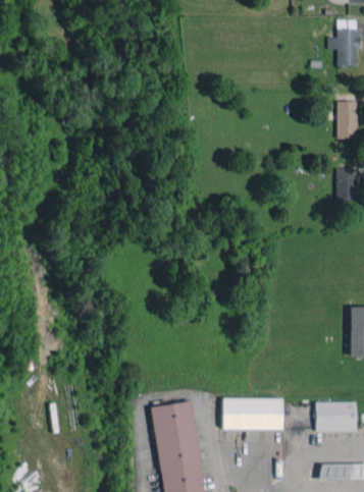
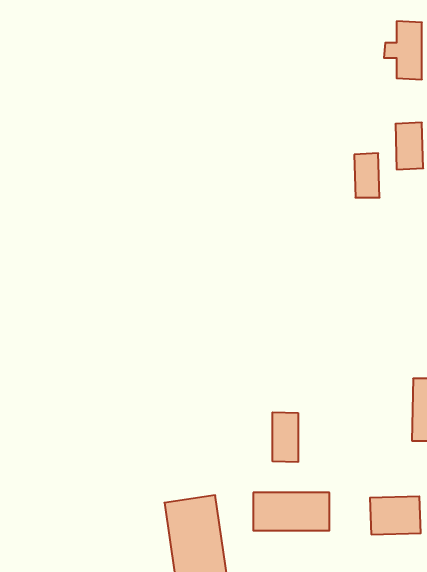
building: [336,168,357,204] -> [354,153,380,198]
building: none -> [273,412,298,462]

